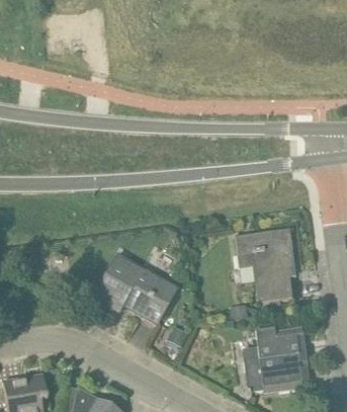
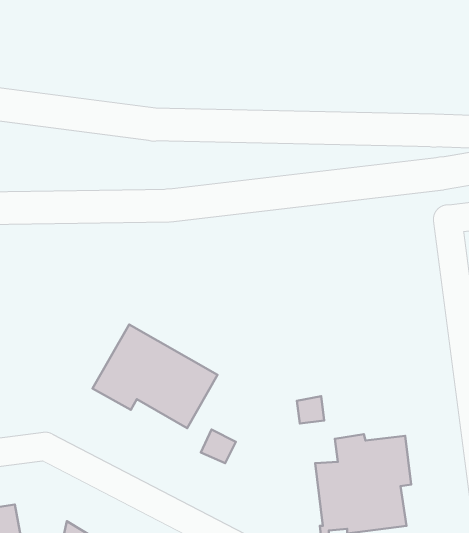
building: [236,229,294,302] -> none

